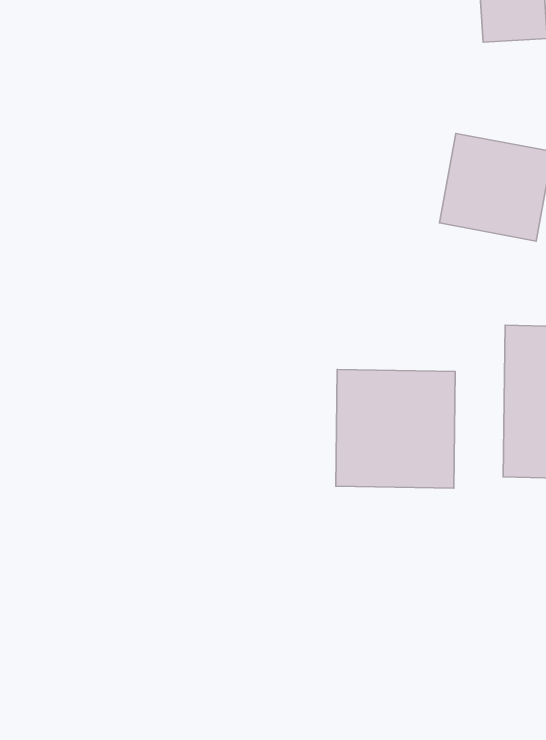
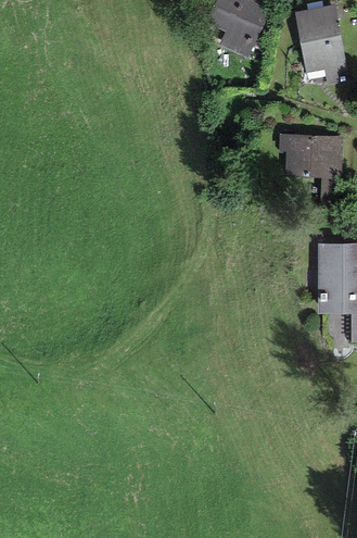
building: [336,370,455,488] -> none

